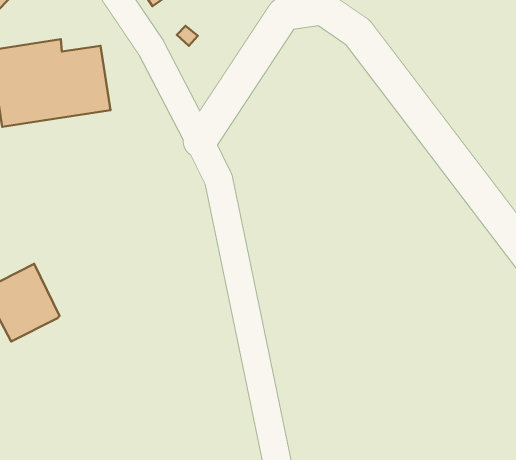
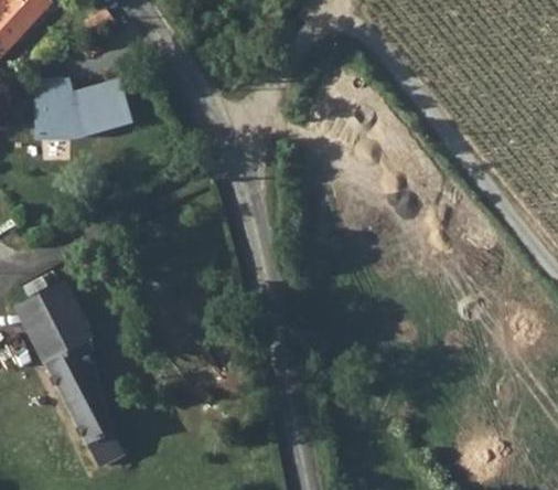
building: none -> [41,334,122,465]

